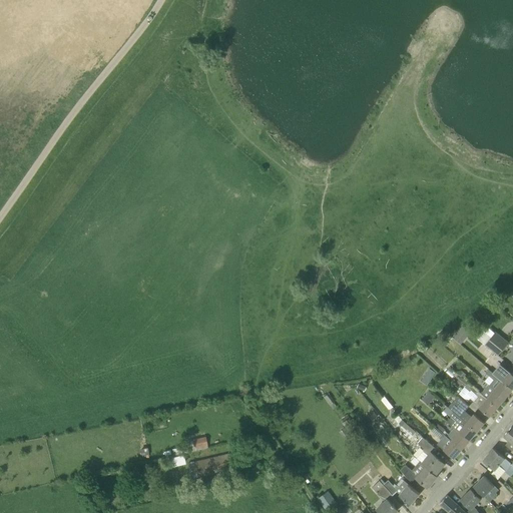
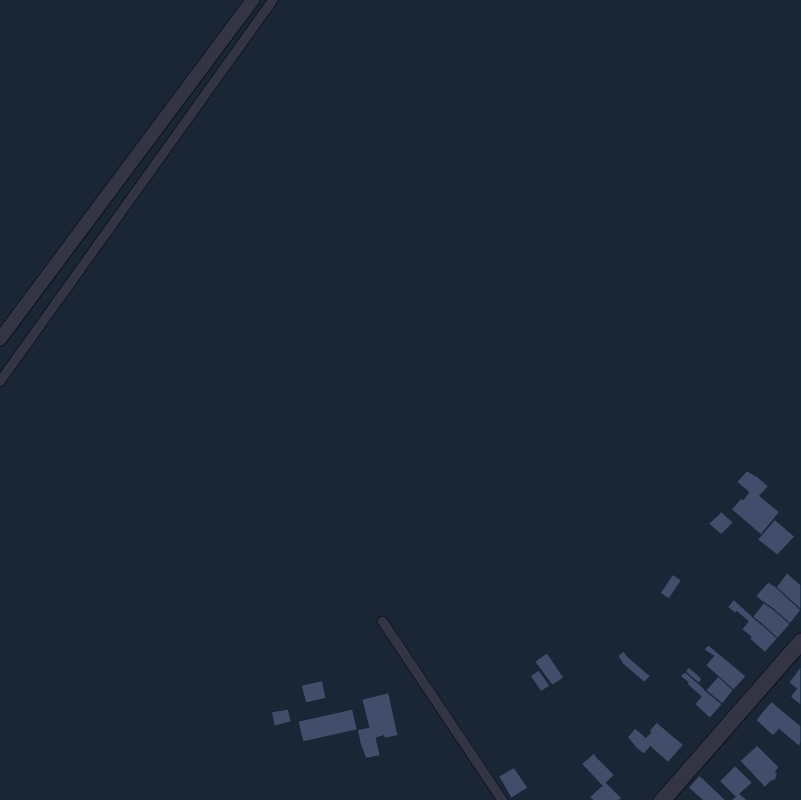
building: none -> [731,470,780,535]
building: [449,398,484,433] -> none
building: [418,438,445,476] -> none
building: none -> [357,693,398,759]
building: [383,481,420,506] -> none

